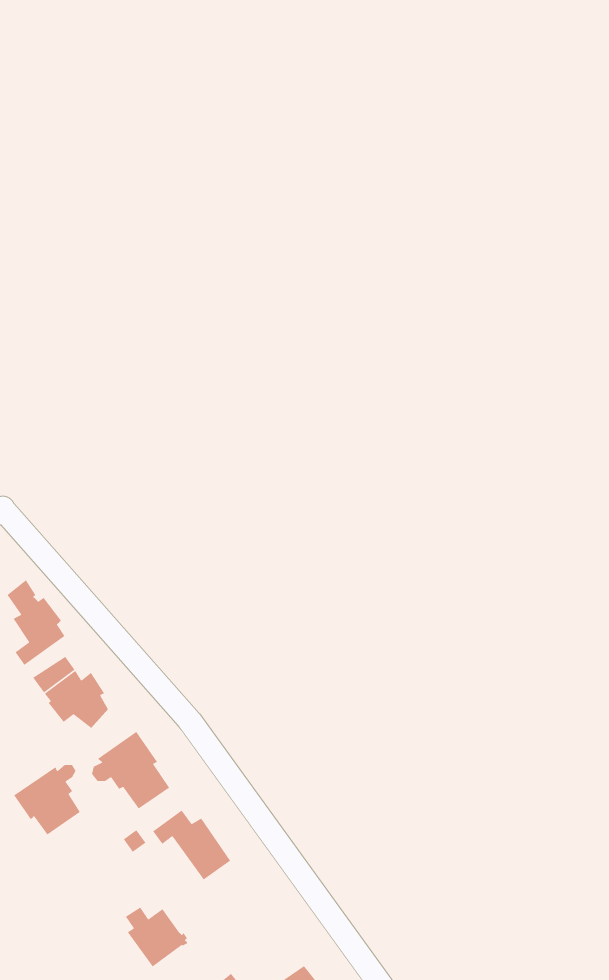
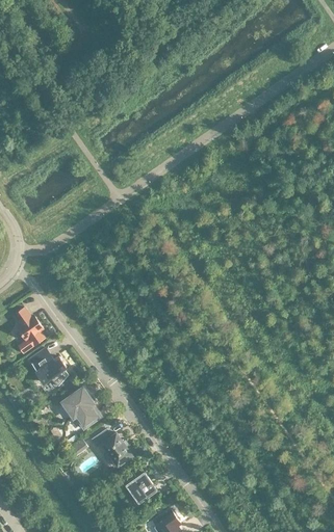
building: [13,764,81,835] -> none
building: [125,897,192,968] -> [123,467,158,504]

